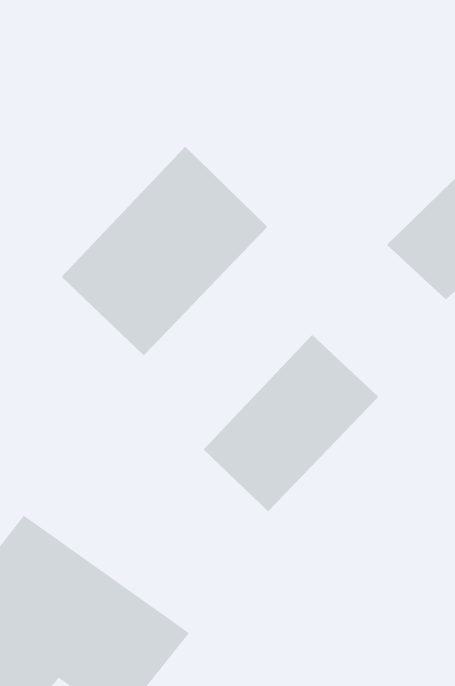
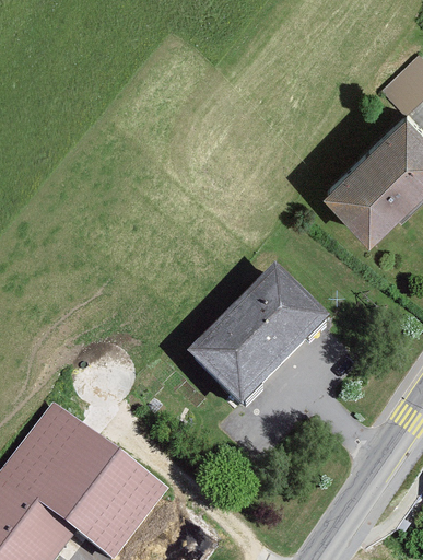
building: [61,146,268,356] -> none

